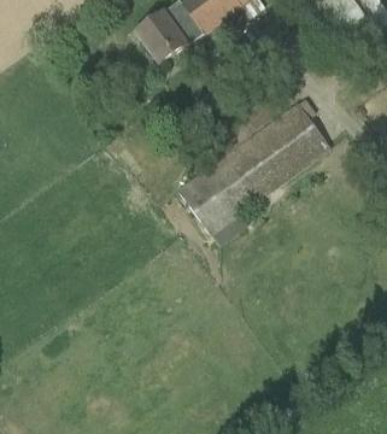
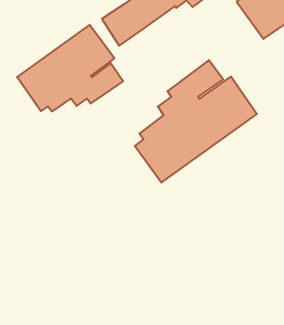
building: none -> [17,25,123,111]

